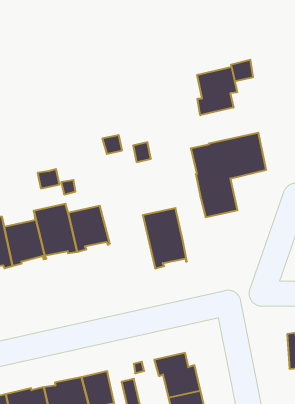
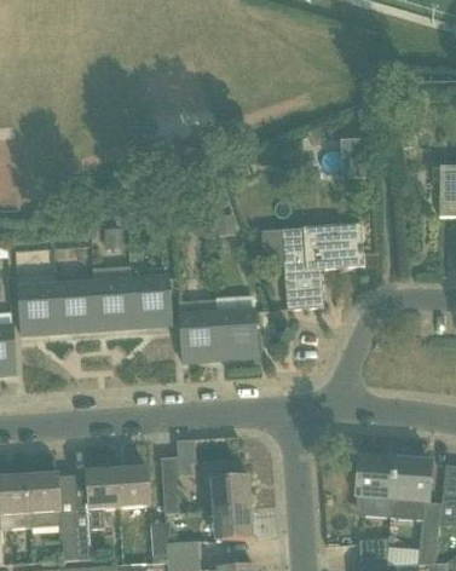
building: [197,67,237,115] -> none
building: none -> [179,296,220,362]

